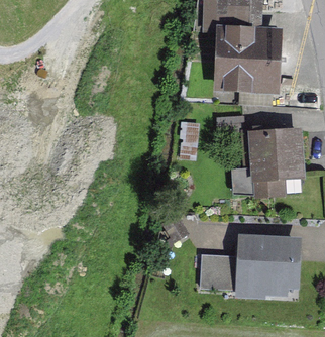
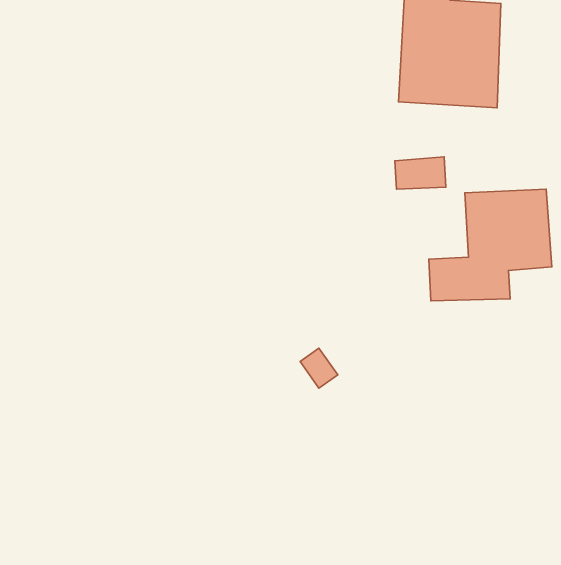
building: [242,239,297,292] -> none
building: [203,249,237,286] -> none

